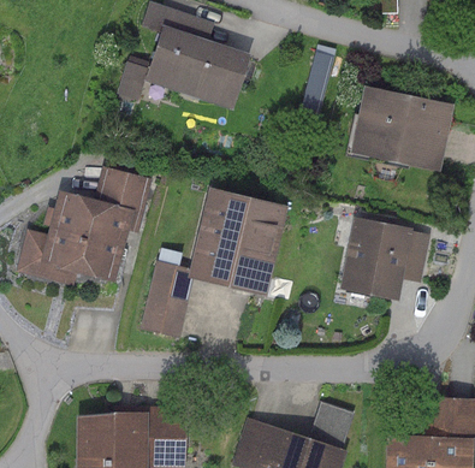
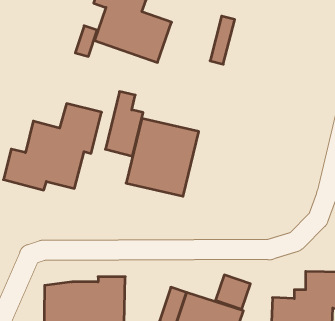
building: [350,85,452,170] -> none
building: [340,218,432,300] -> none
building: [142,249,194,338] -> [105,92,143,156]

